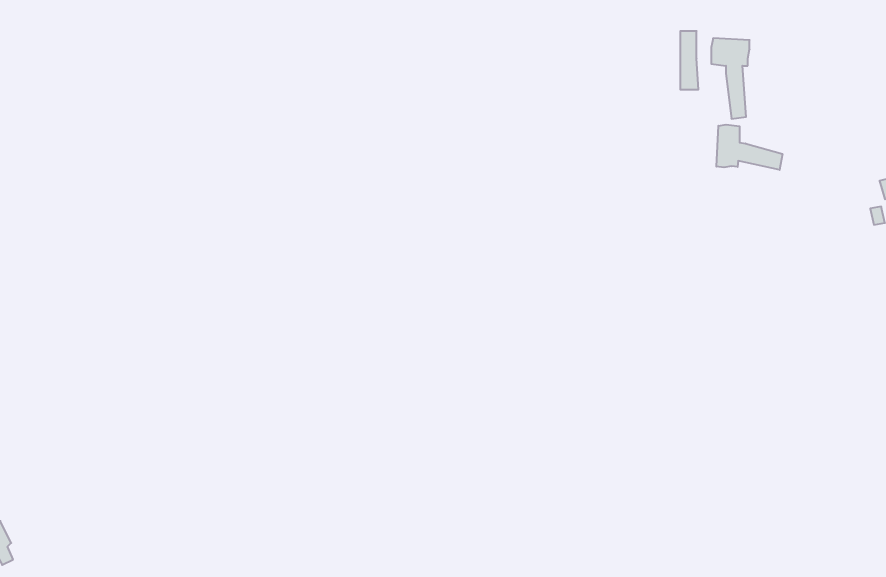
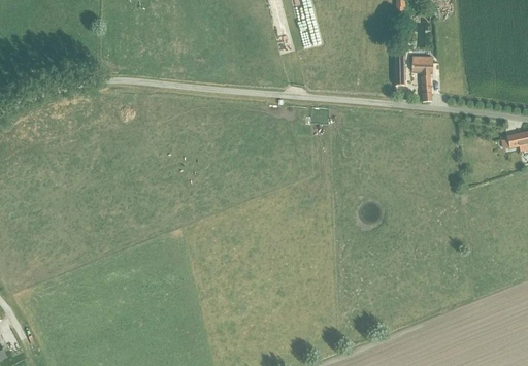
building: [716,125,782,170] -> none

